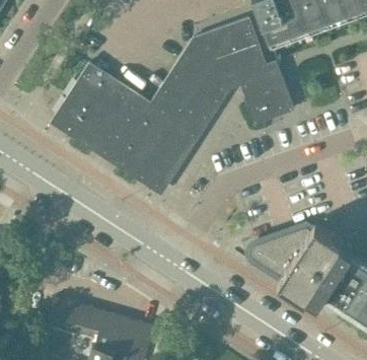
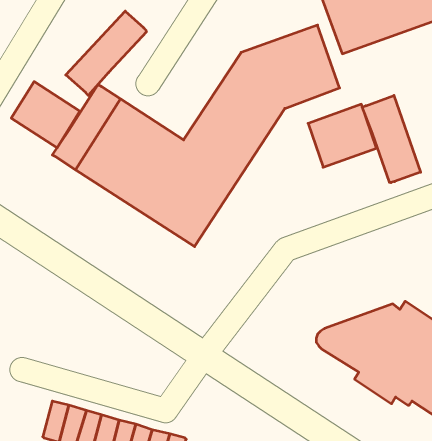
building: none -> [66,11,146,95]
building: none -> [11,82,80,148]
building: none -> [362,95,421,183]

